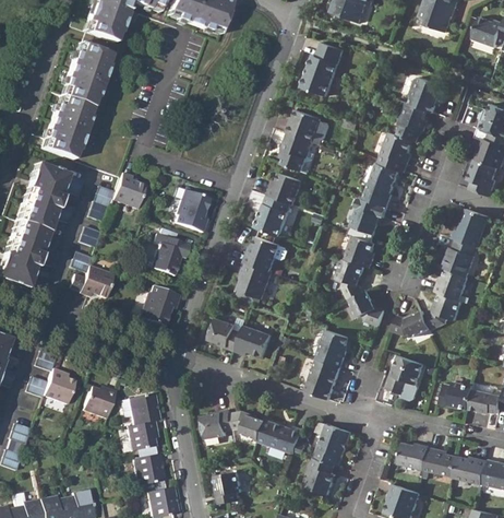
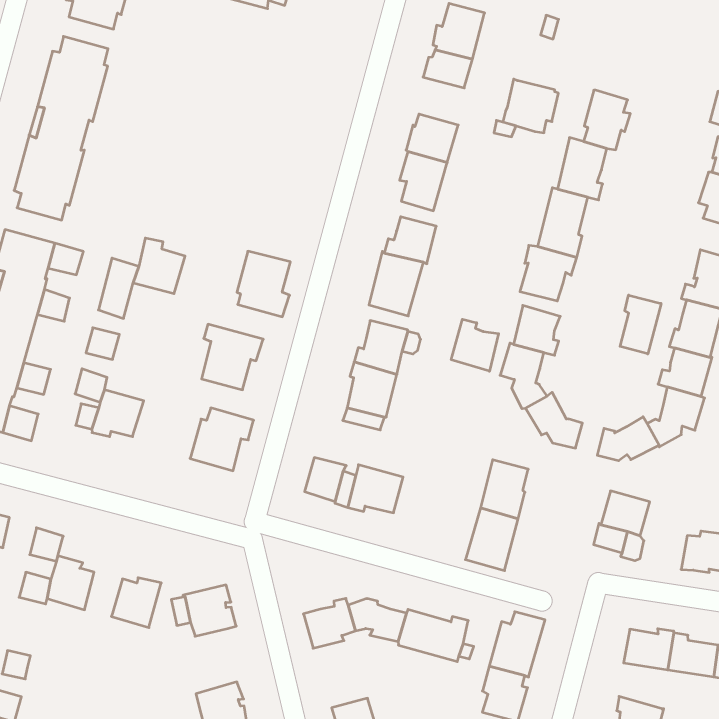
building: [408,76,444,111] -> [503,79,558,133]
building: none -> [620,295,661,354]
building: none -> [451,319,499,371]
building: [124,422,156,450] -> none

